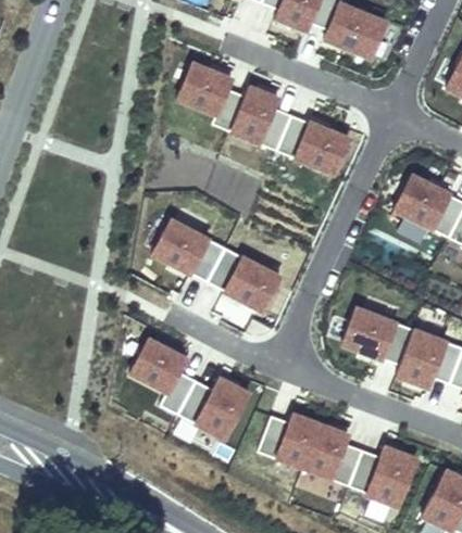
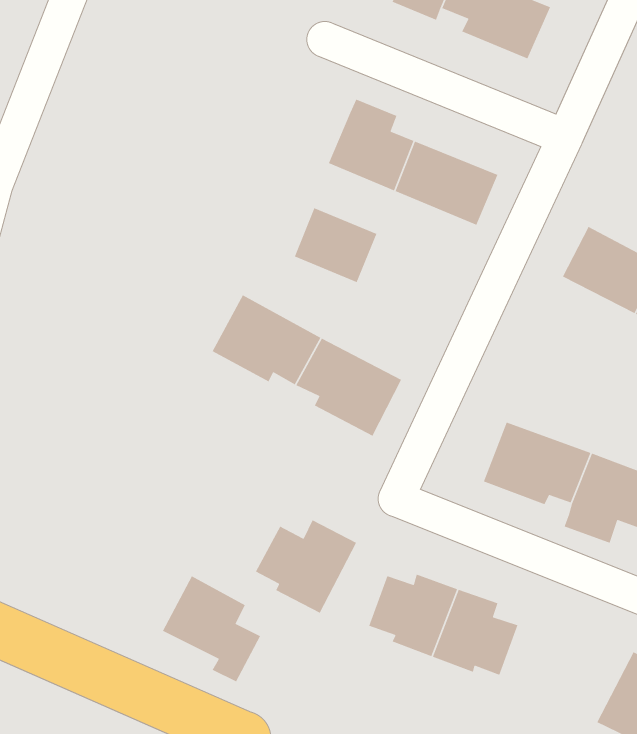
building: [177,59,246,128] -> none
building: [127,339,197,414] -> [162,575,261,682]
building: [351,447,419,513] -> none

